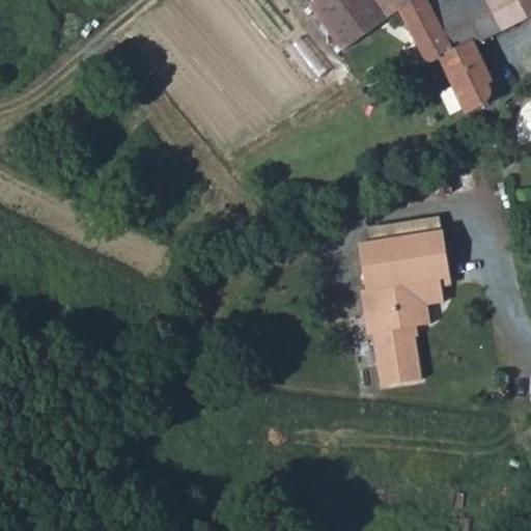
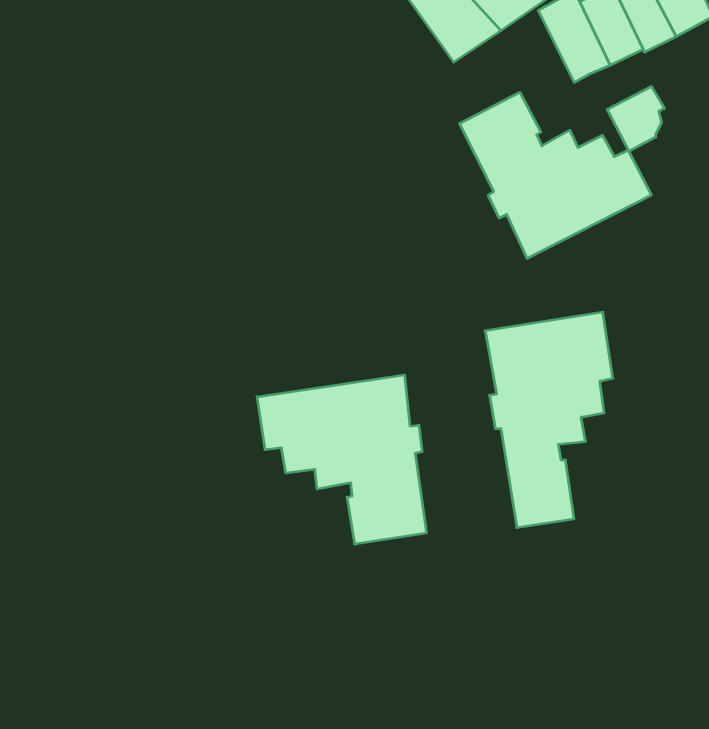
building: [436,40,480,81] -> none
building: none -> [460,92,651,259]
building: none -> [257,375,426,544]

